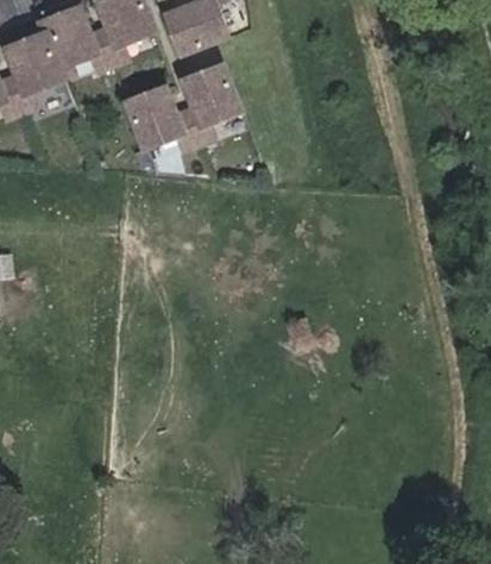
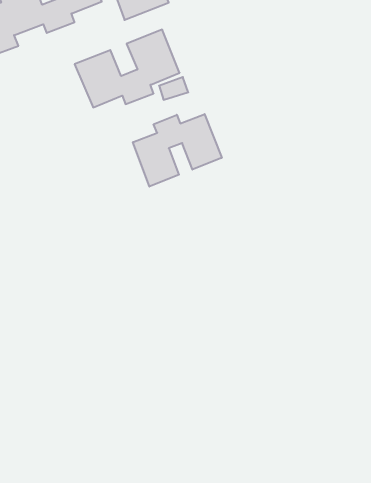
building: none -> [133,114,222,187]

